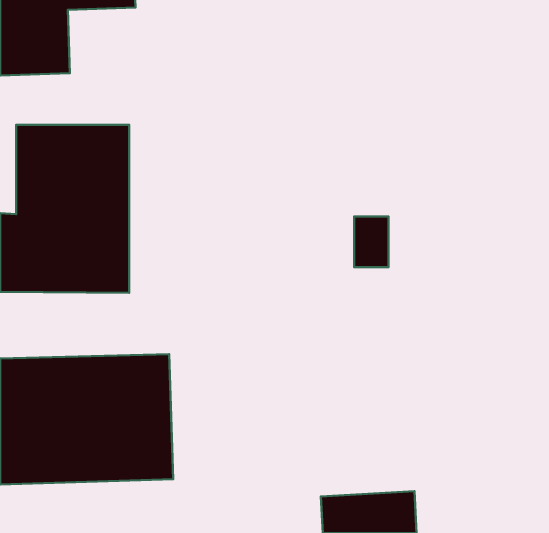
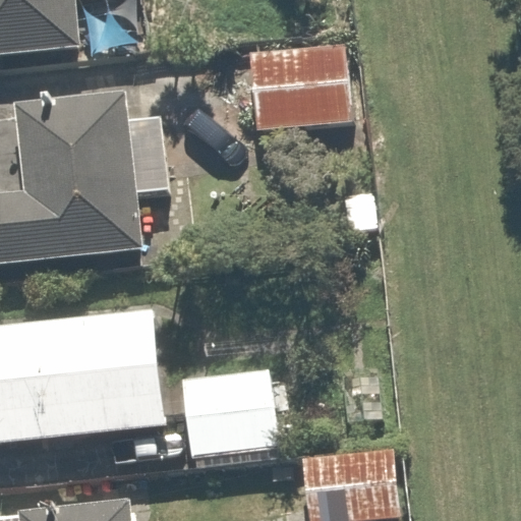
building: none -> [248,63,341,140]
building: none -> [182,388,270,479]

